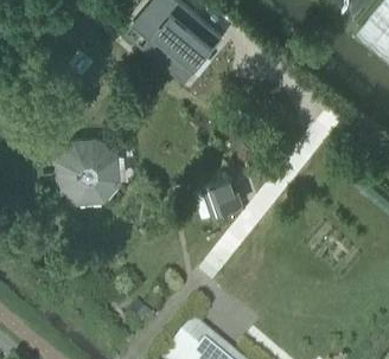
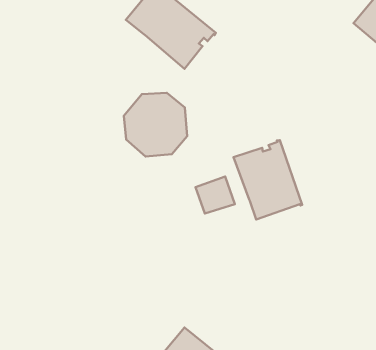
building: [58,143,121,206] -> [124,93,187,156]
building: none -> [234,140,302,220]

